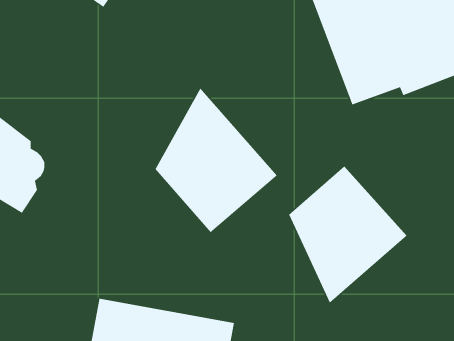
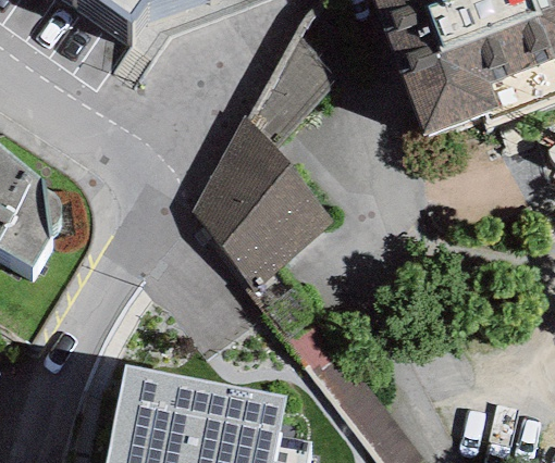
building: [288,165,407,304] -> none

